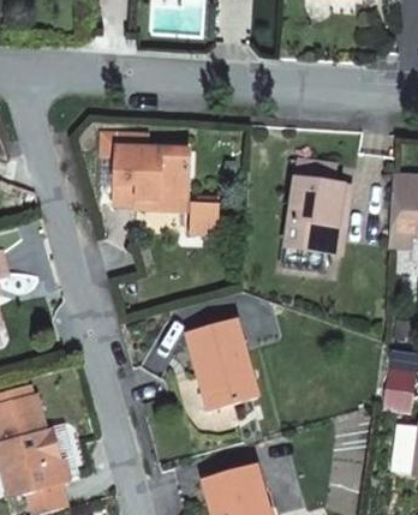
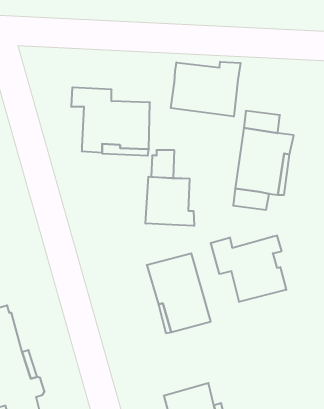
building: none -> [171,62,240,117]
building: none -> [146,177,194,226]
building: none -> [211,235,286,302]

